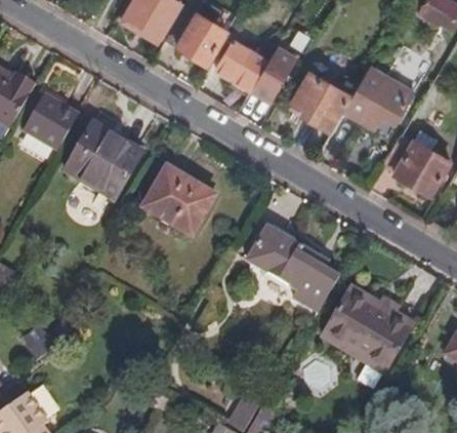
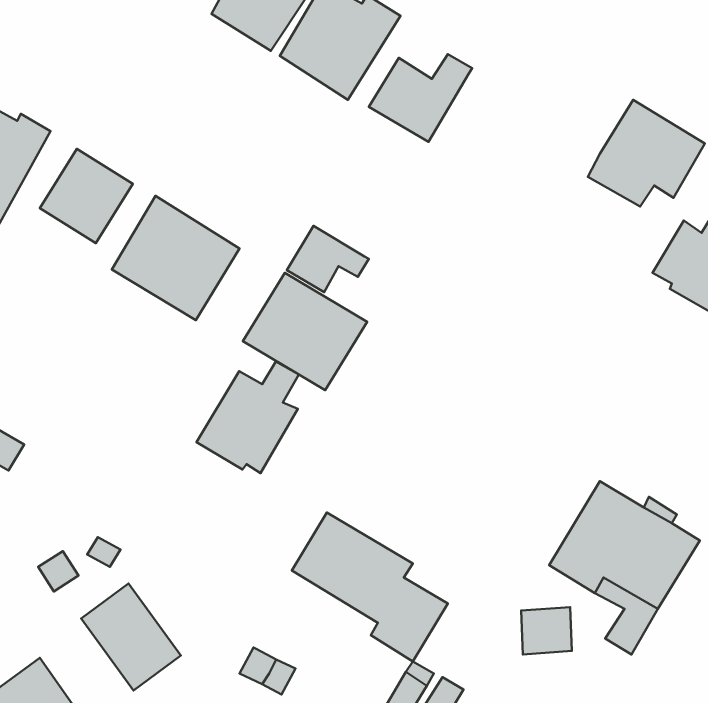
building: [252,49,299,103] -> none
building: [293,72,352,132] -> none
building: none -> [287,226,369,292]
building: none -> [197,361,299,473]
building: [246,225,337,312] -> [292,513,448,661]
building: none -> [81,583,181,690]

